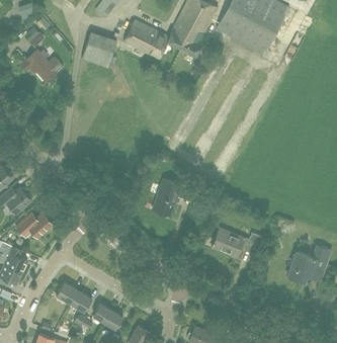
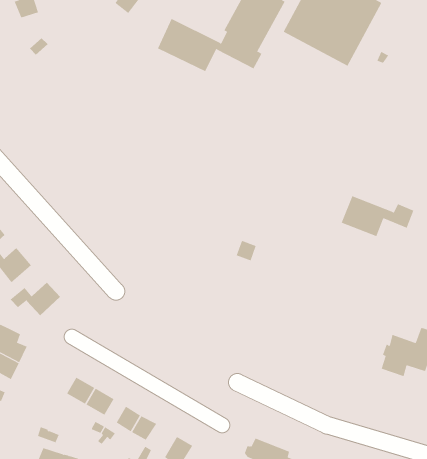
building: [82,31,116,67] -> none
building: [21,50,63,82] -> none
building: [153,178,180,216] -> none
building: [210,227,264,257] -> [341,195,414,237]

